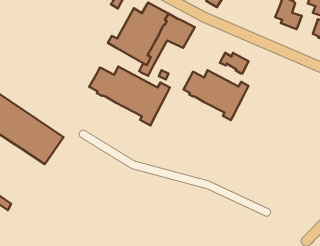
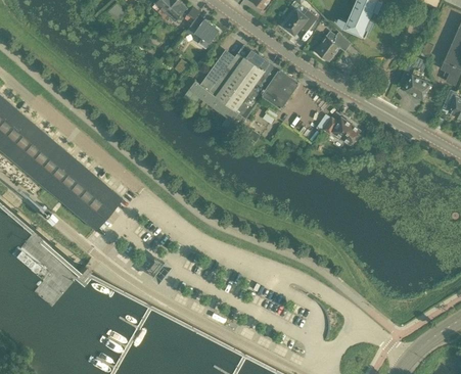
building: [89,67,170,125] -> none
building: [183,70,249,120] -> none

